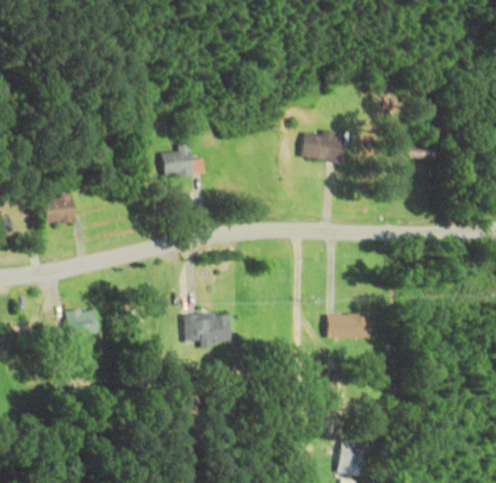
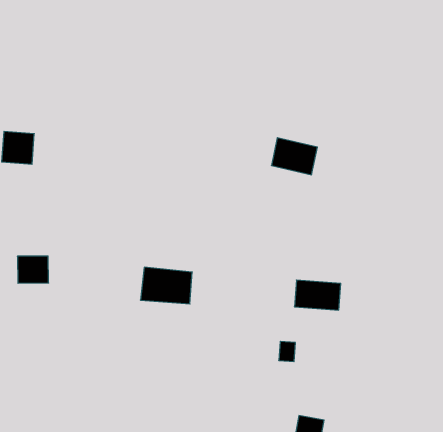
building: [302,131,343,163] -> [271,138,317,175]
building: [163,145,204,175] -> none

